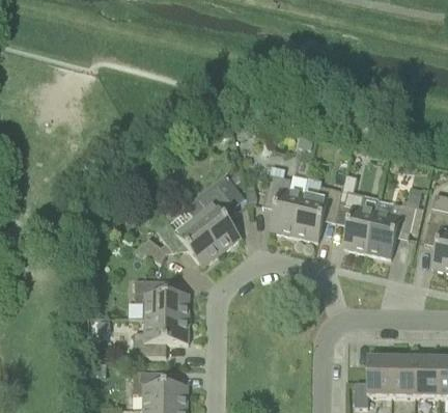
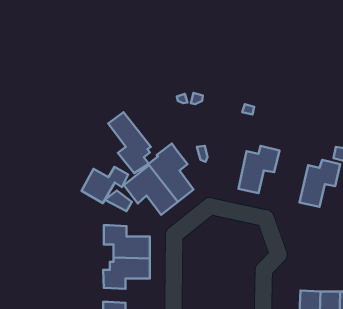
building: none -> [108,112,151,173]
building: [263,173,304,236] -> none
building: [337,174,377,252] -> none
building: none -> [81,167,128,203]

